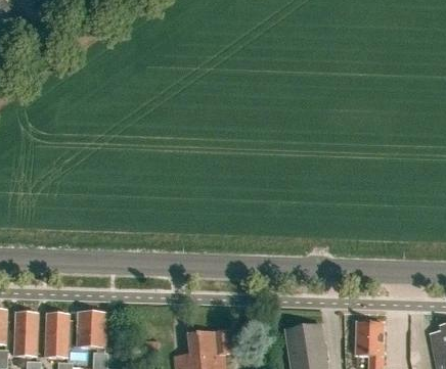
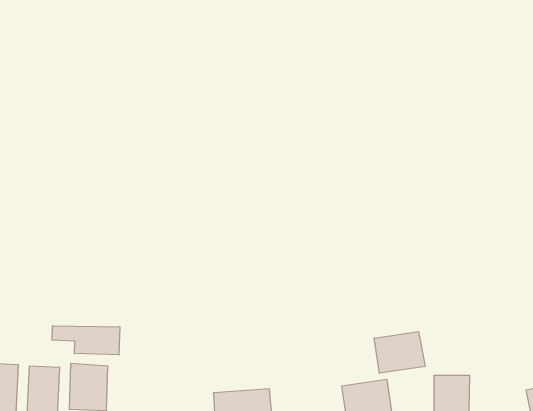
building: none -> [52,326,120,355]
building: none -> [374,332,425,373]

